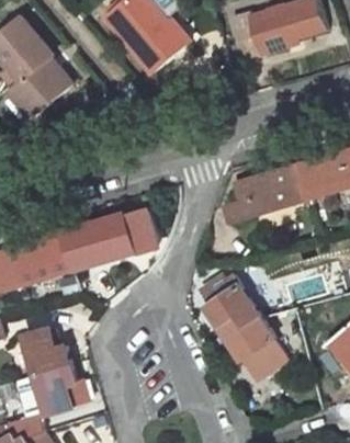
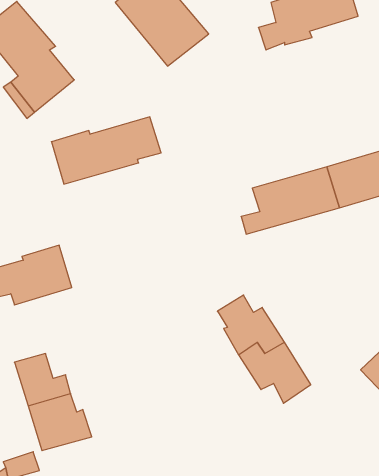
building: [58,211,155,270] -> [51,117,161,184]

